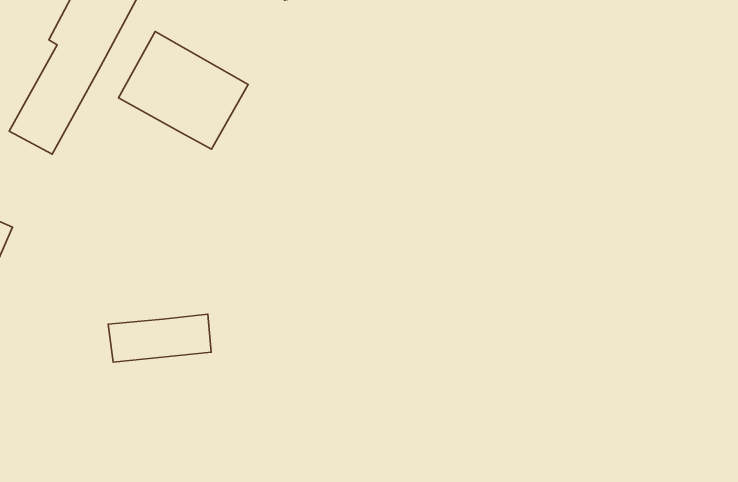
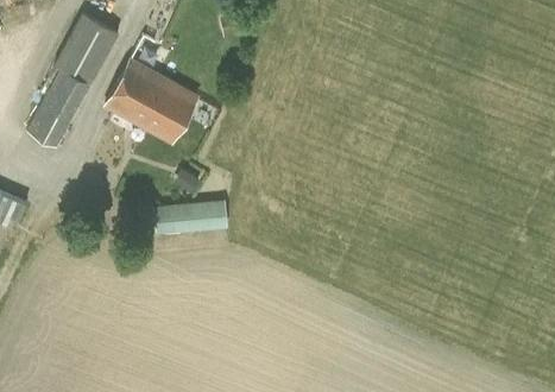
building: [108,314,211,362] -> [153,200,227,234]

